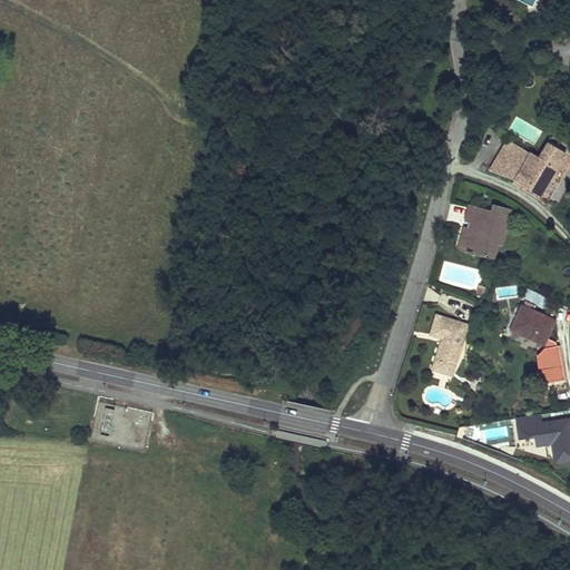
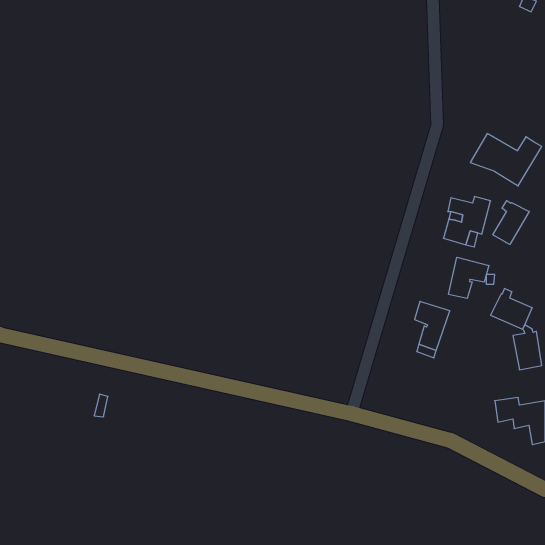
building: none -> [493,201,529,244]
building: none -> [449,257,489,298]

